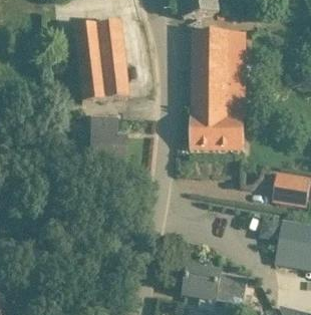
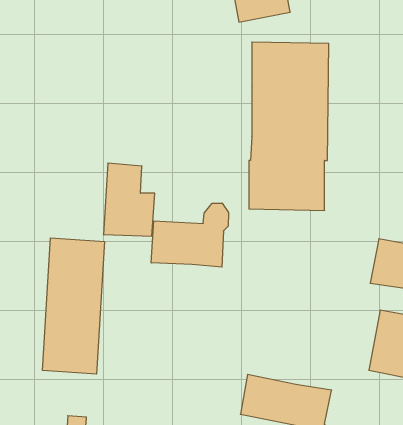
building: [58,21,126,101] -> none
building: none -> [151,203,229,267]
building: none -> [42,238,104,374]

